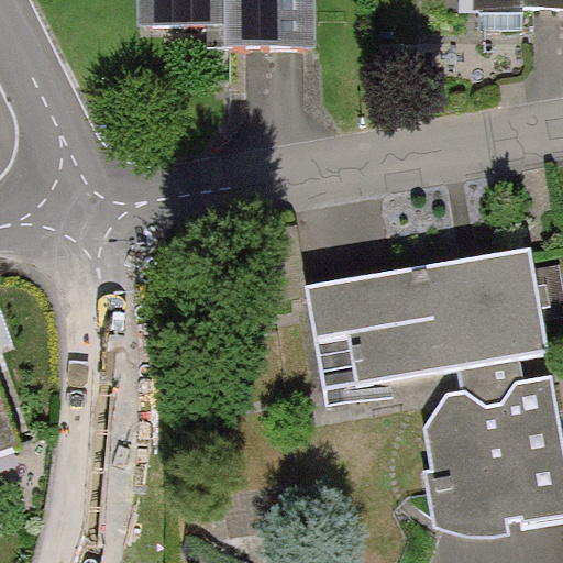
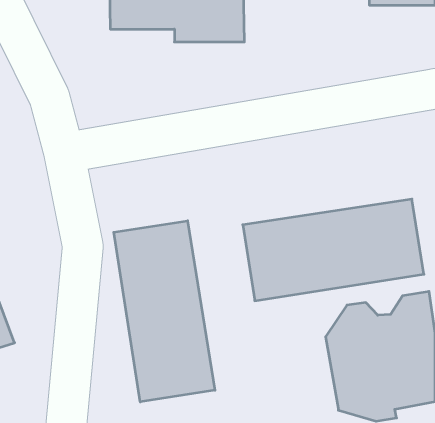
building: none -> [114,221,215,402]

